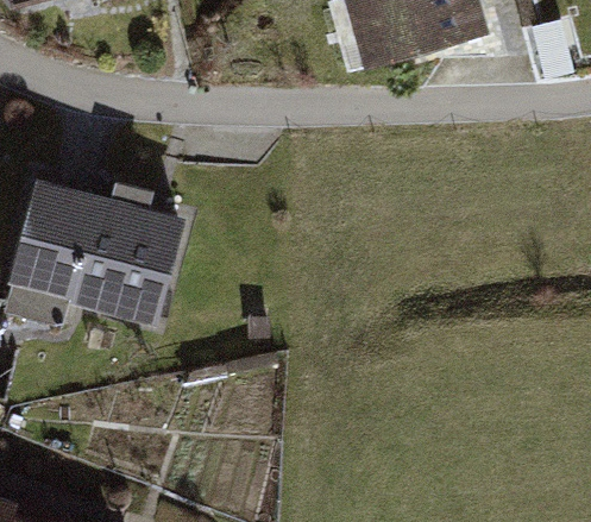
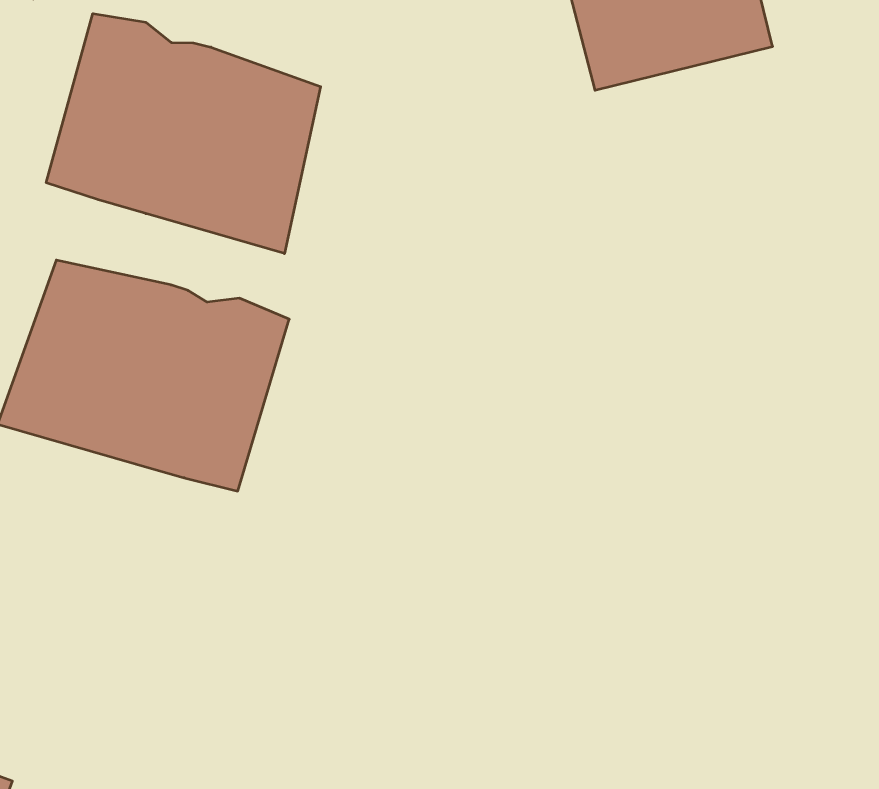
building: none -> [46,14,321,254]

